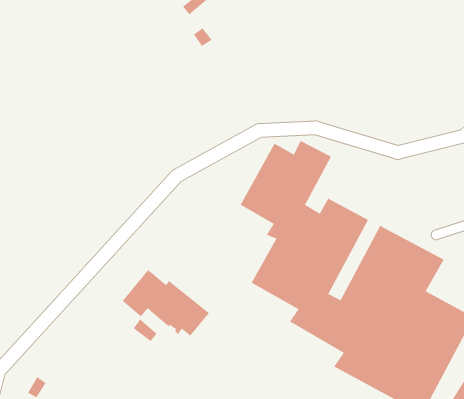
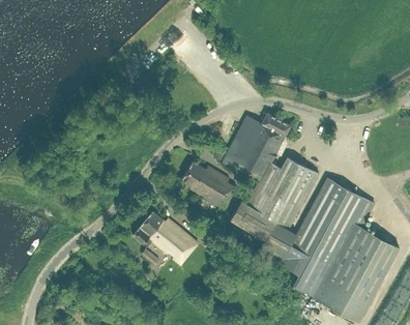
building: none -> [181,161,237,210]

